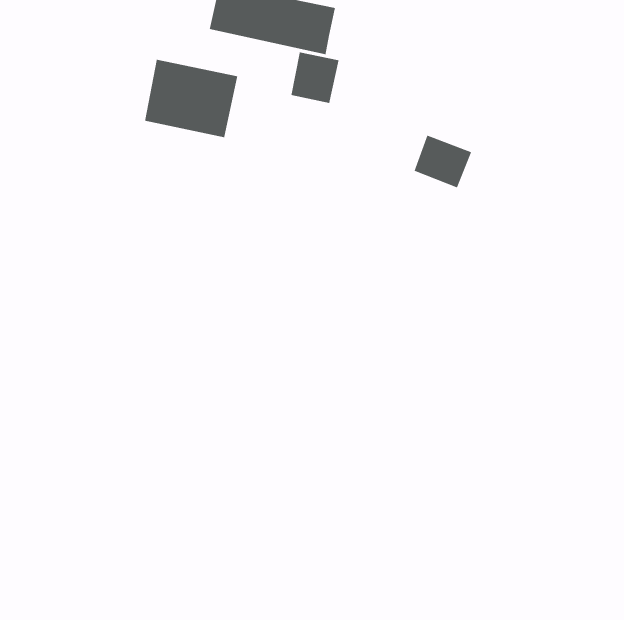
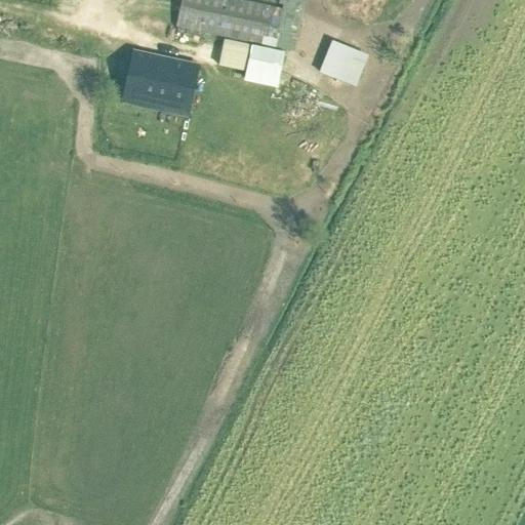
building: none -> [218,37,250,69]
building: [414,135,472,188] -> [319,39,368,84]

